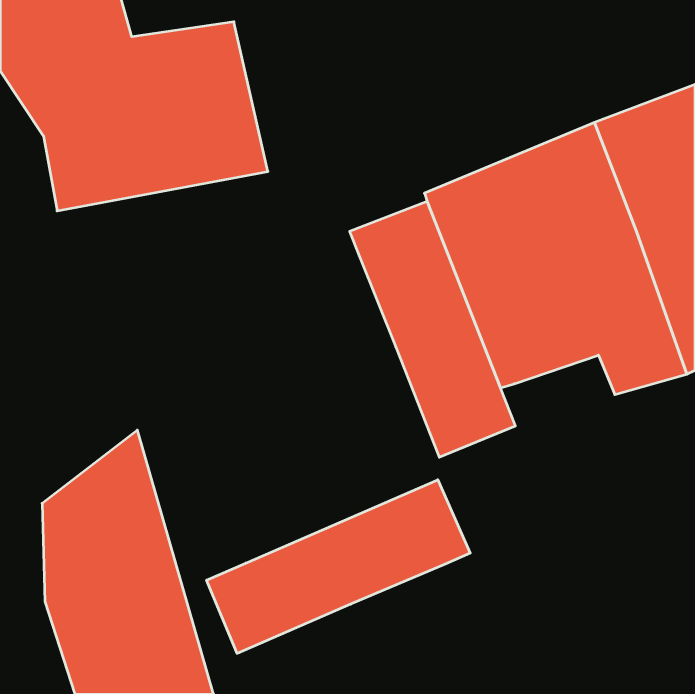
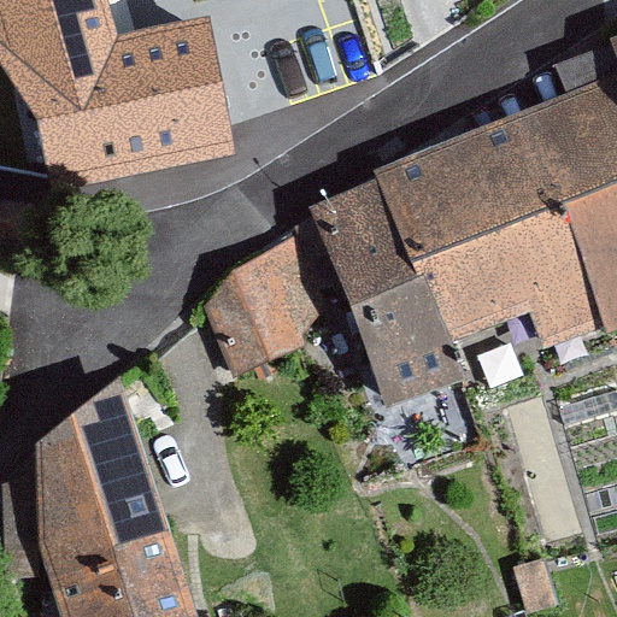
building: none -> [207,227,351,376]
building: [207,480,470,653] -> none

